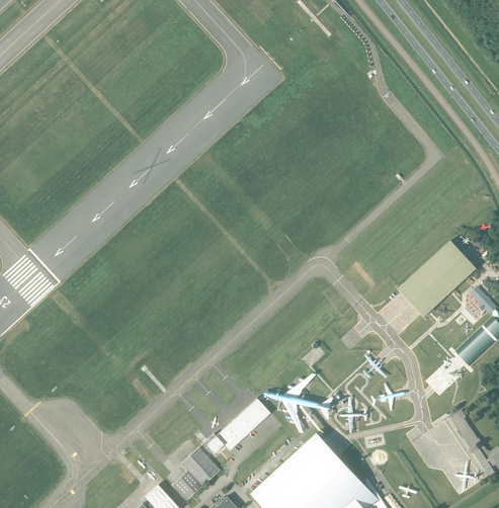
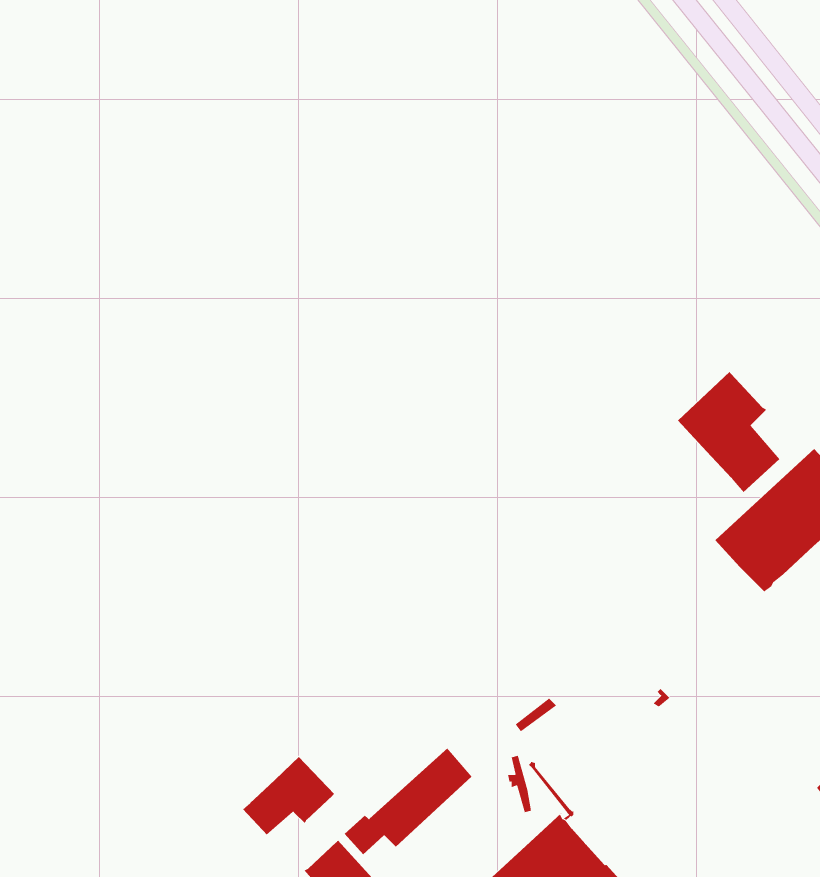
building: none -> [677,371,780,493]
building: none -> [242,756,335,835]

